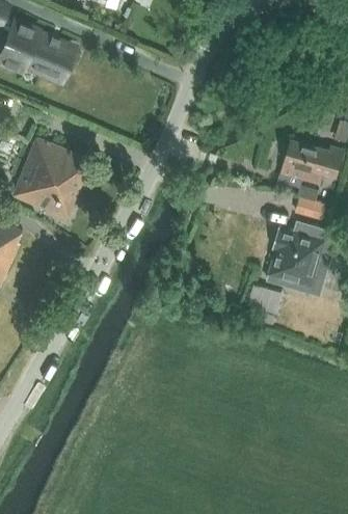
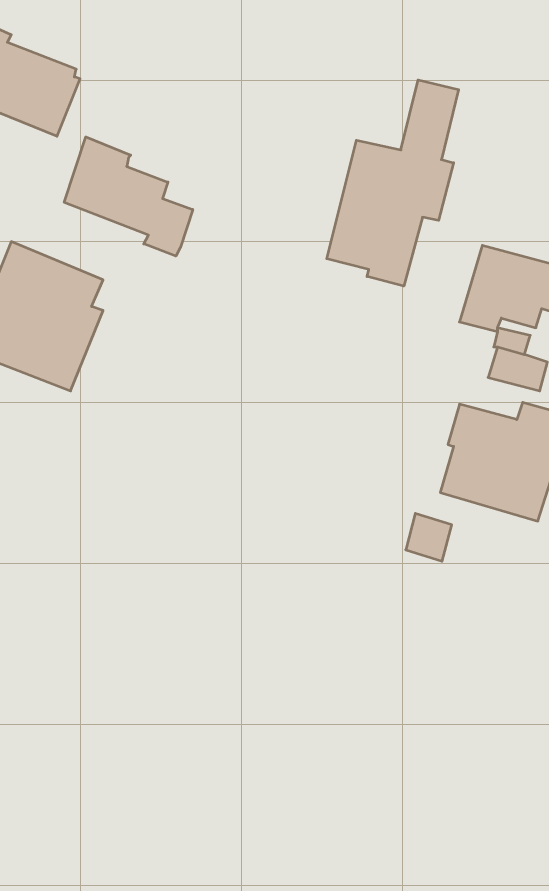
building: none -> [327,80,459,286]
building: none -> [64,137,193,256]

